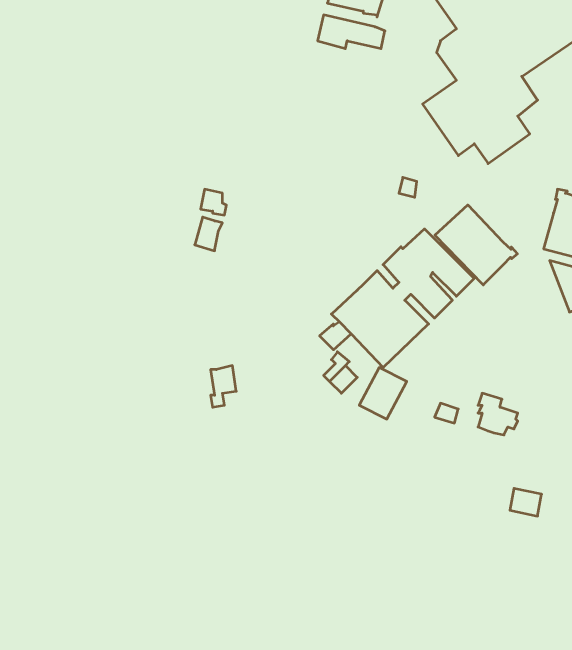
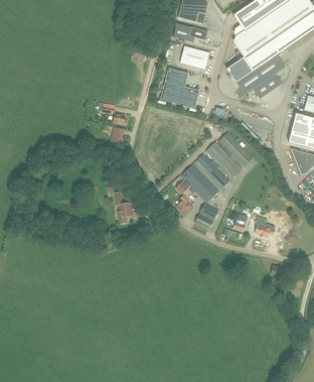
building: none -> [180,44,209,68]
building: none -> [160,67,199,107]
building: [435,205,517,285] -> none

